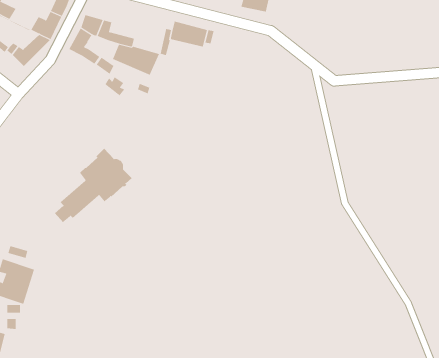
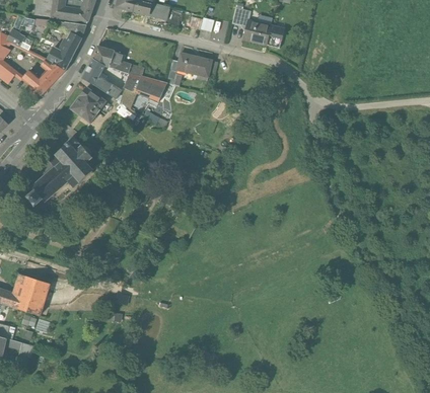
building: none -> [70,87,110,123]
building: [54,148,133,223] -> [26,136,99,206]

